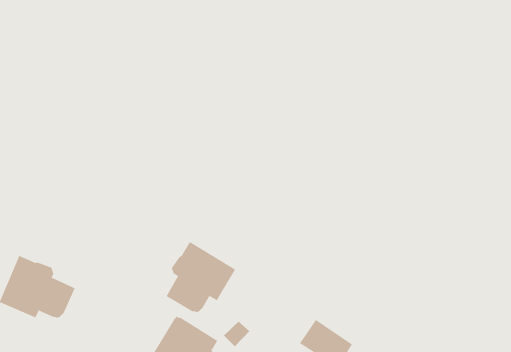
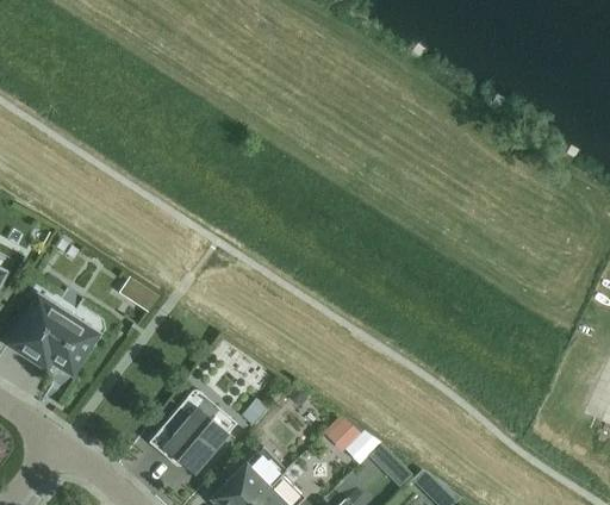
building: [166,241,236,313] -> none

